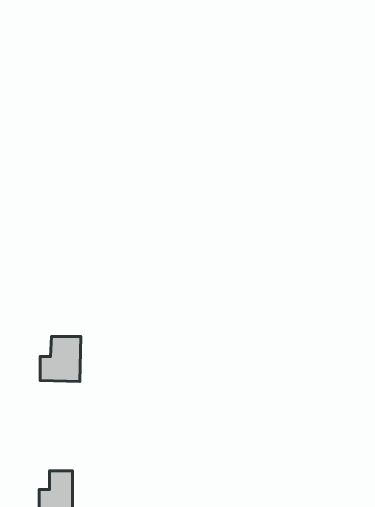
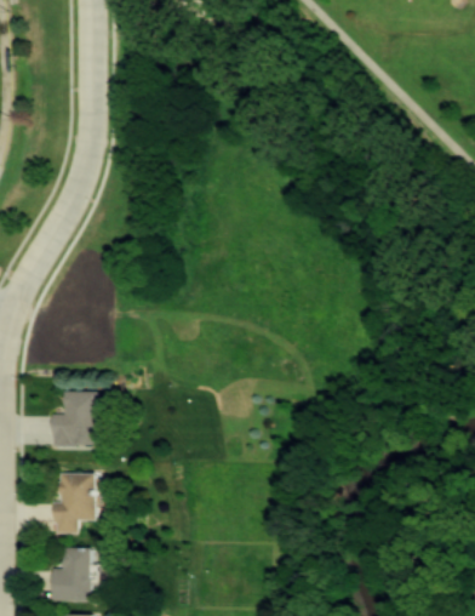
building: none -> [52,474,93,532]

